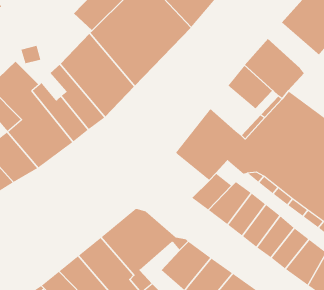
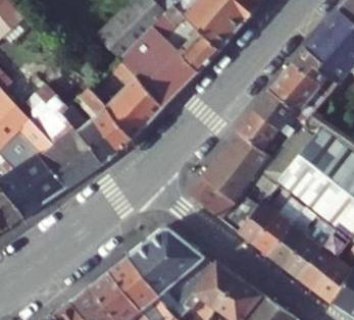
building: none -> [294,46,345,91]
building: none -> [237,108,282,153]
building: none -> [187,176,236,219]

